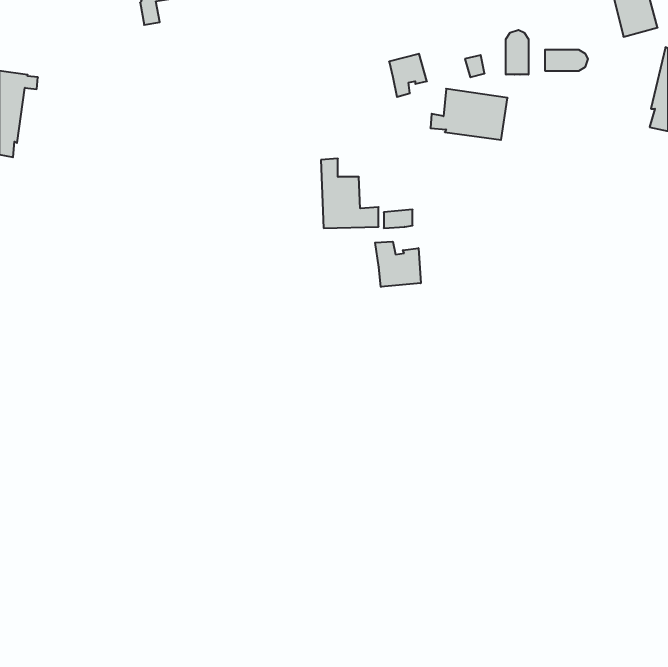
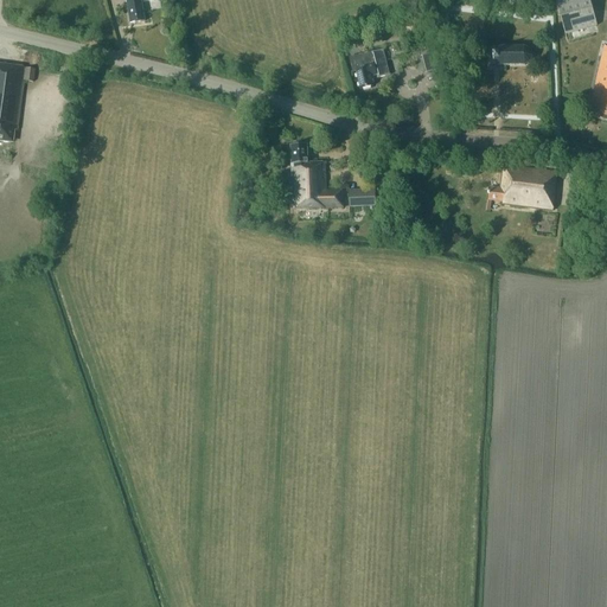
building: [506,30,528,75] -> none
building: [430,89,508,140] -> [487,162,557,209]
building: [375,242,421,287] -> none

